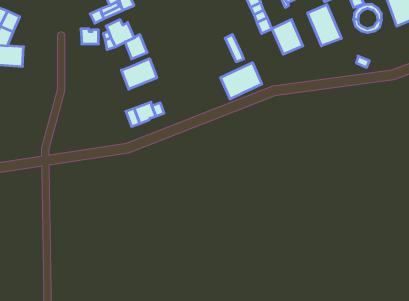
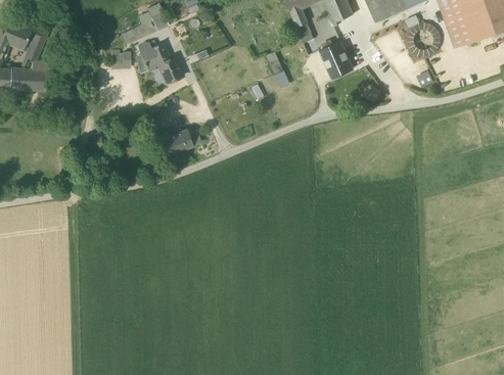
building: [308,5,341,46] -> none
building: [121,59,157,89] -> none
building: [220,63,262,99] -> none

